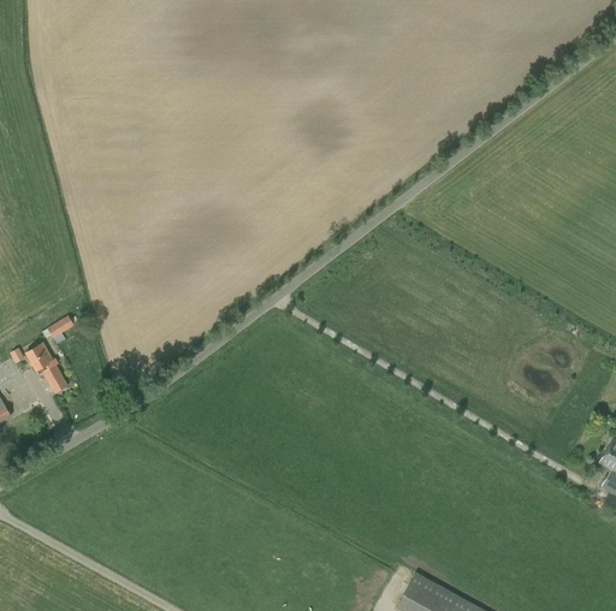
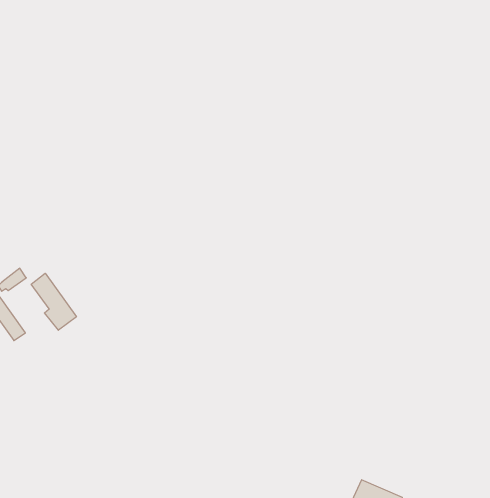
building: none -> [31,273,76,330]

